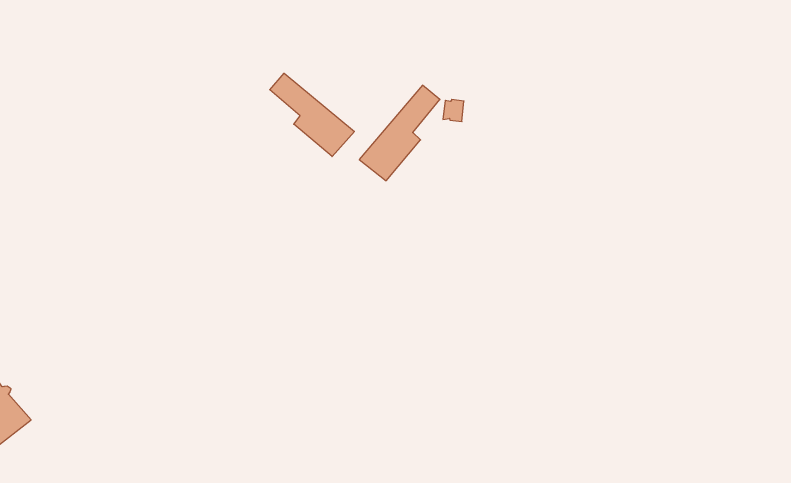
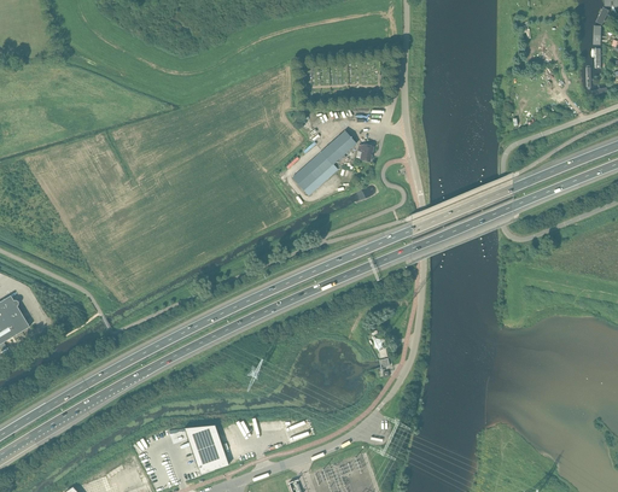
building: [270,73,354,157] -> none

